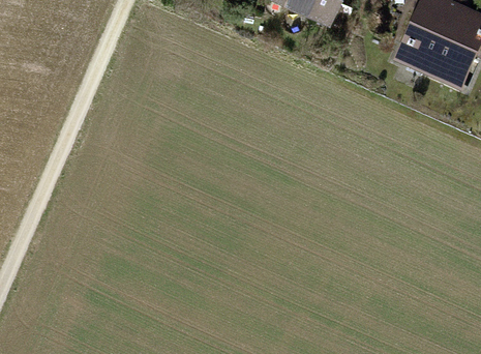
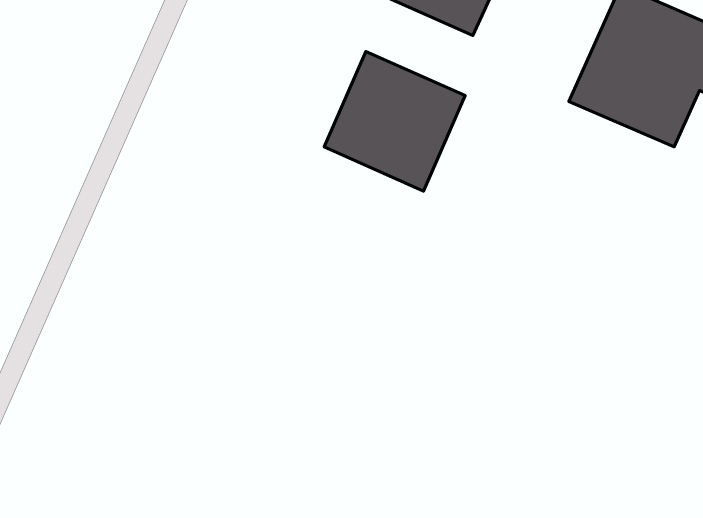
building: none -> [324,51,465,191]

